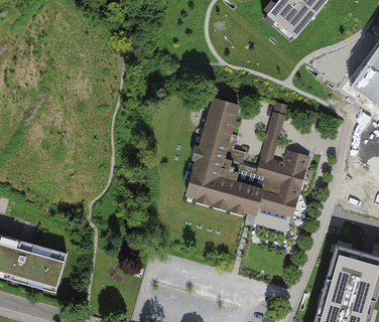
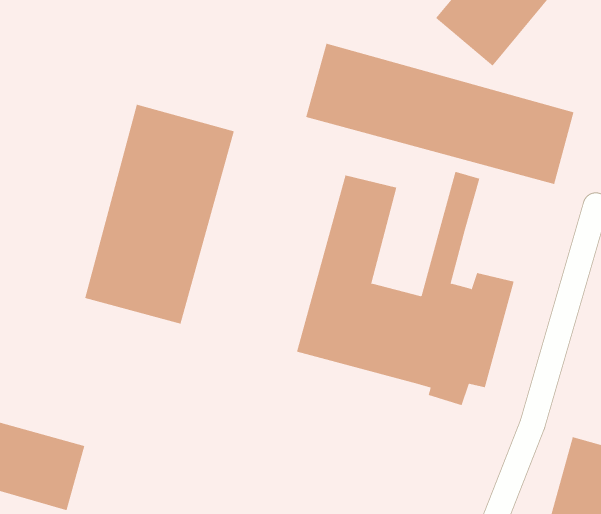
building: none -> [306,43,574,185]
building: none -> [85,104,235,324]

